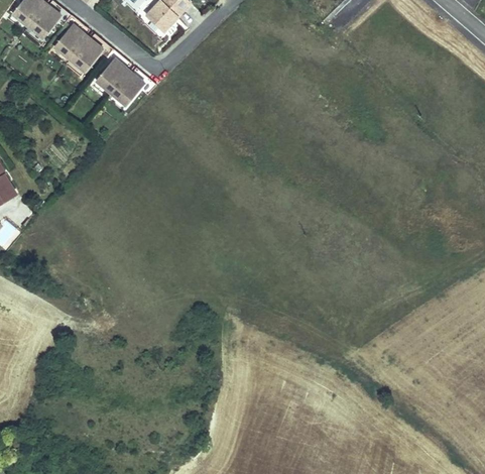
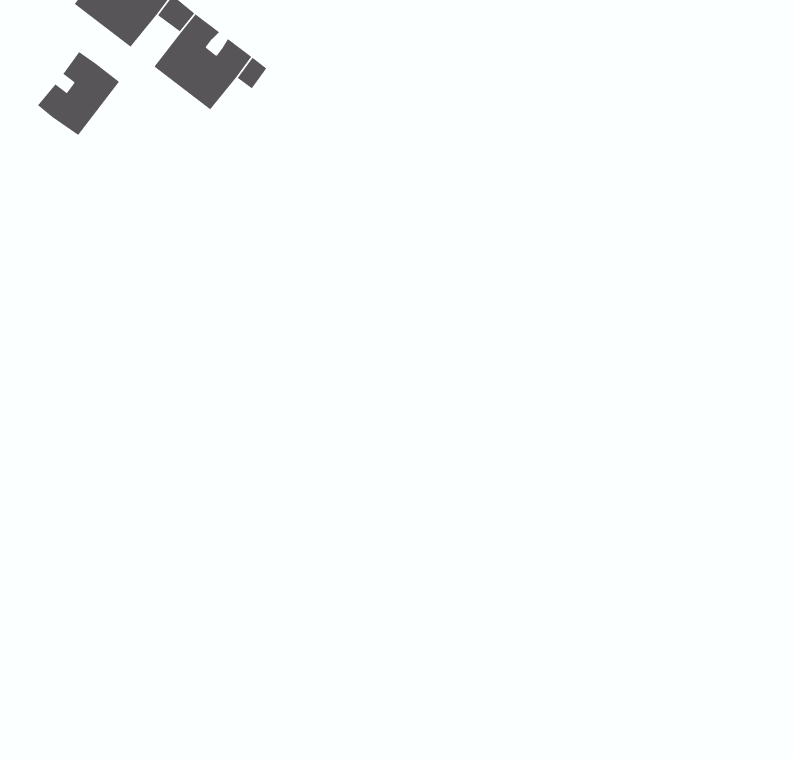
building: none -> [37,51,120,136]

